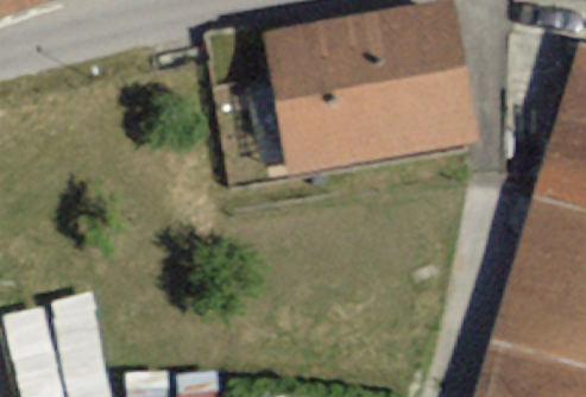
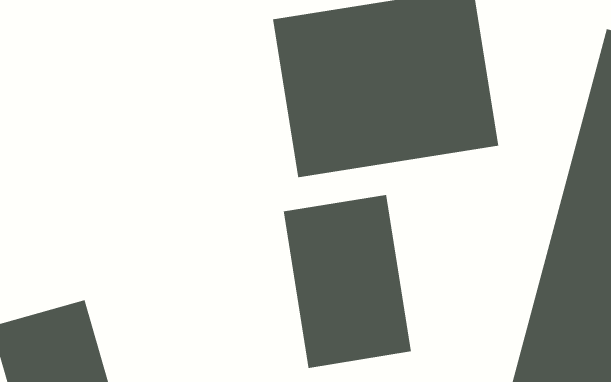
building: none -> [283,194,412,369]

